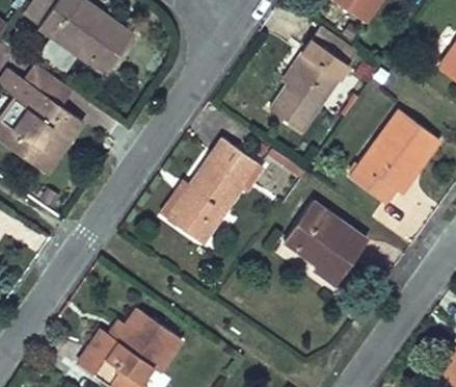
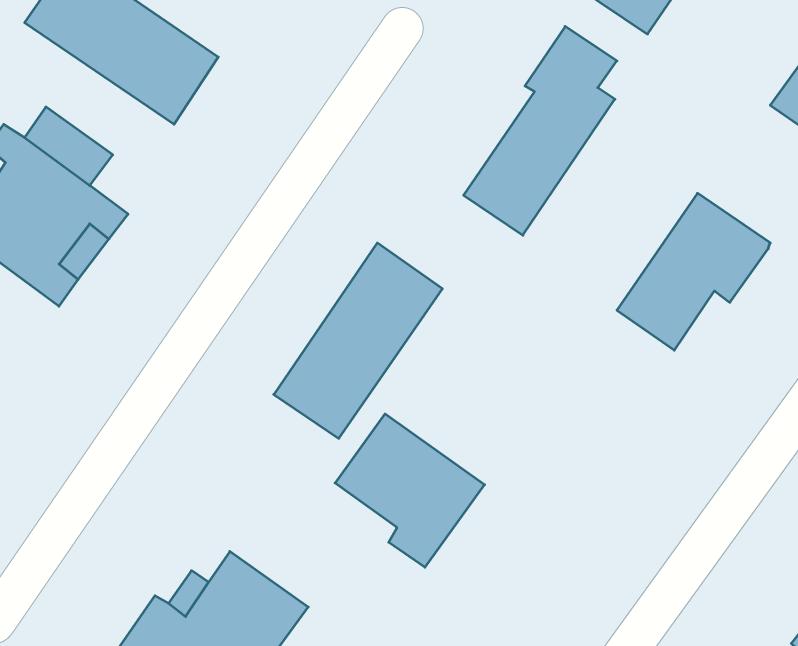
building: [284,203,365,286] -> [335,414,485,567]

